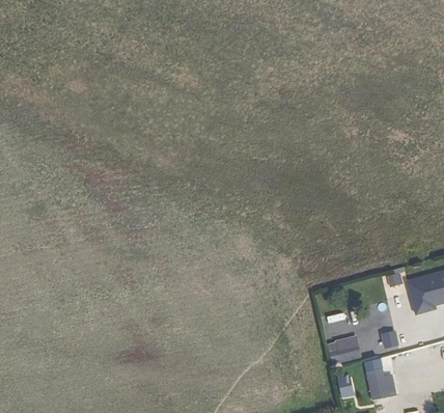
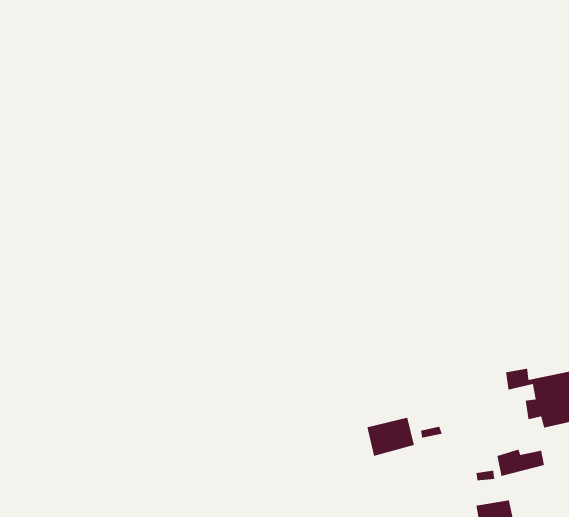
building: [326,335,361,364] -> [367,417,415,457]

